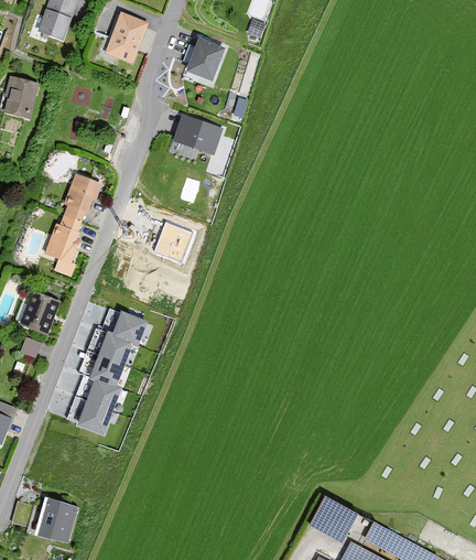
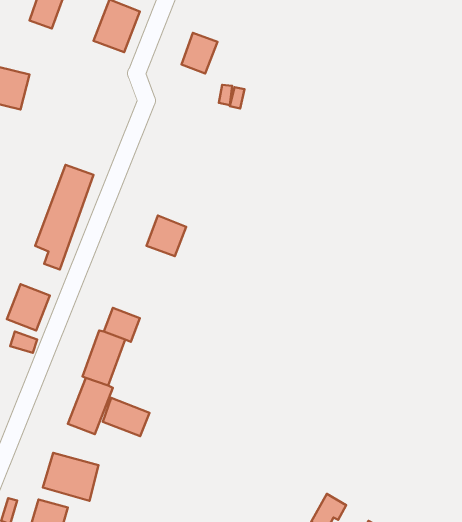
building: [176,119,220,154] -> none
building: none -> [103,398,150,436]
building: none -> [43,453,99,501]

